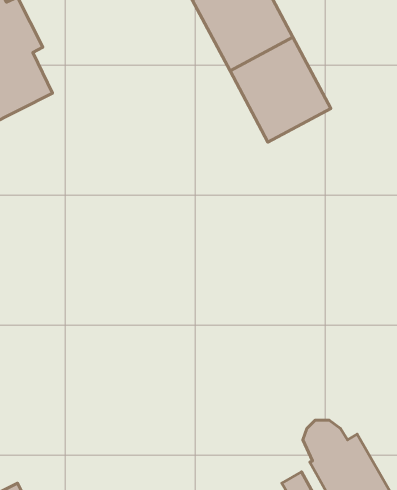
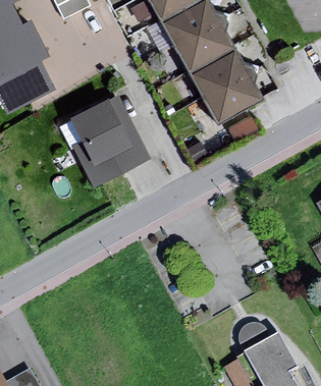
building: none -> [68,96,152,189]

